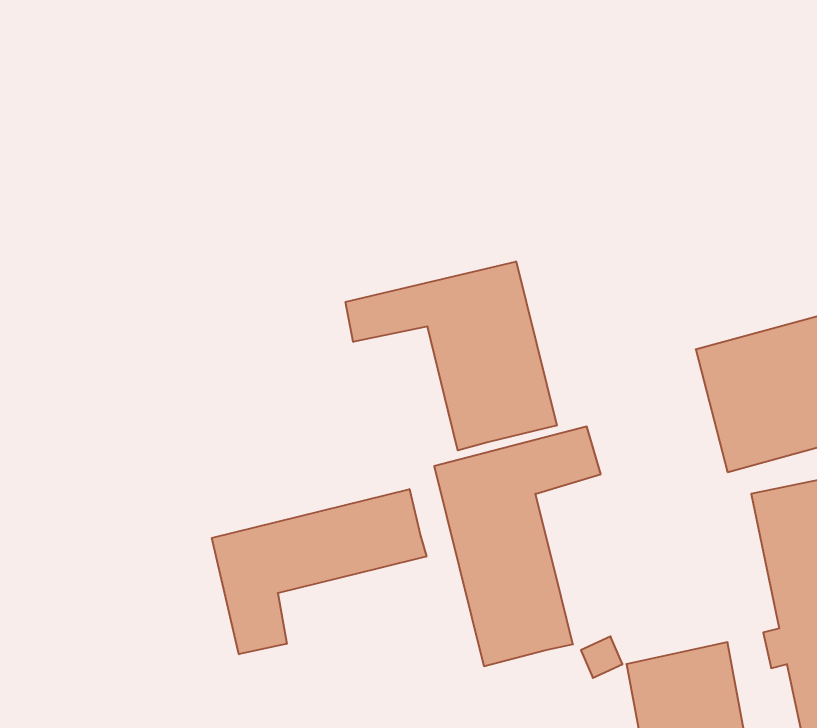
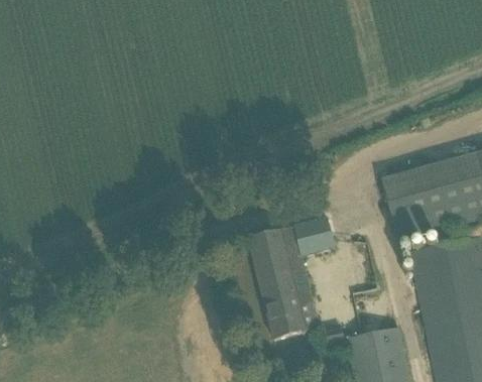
building: [346,261,557,450] -> none
building: [212,489,426,654] -> none

